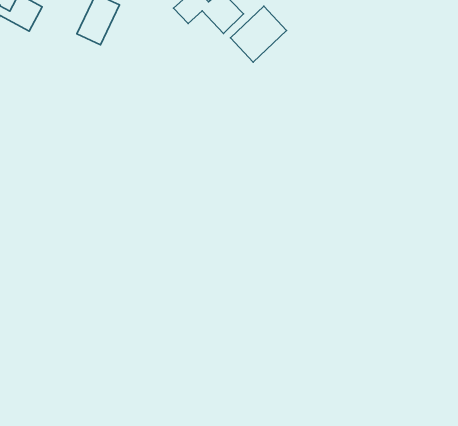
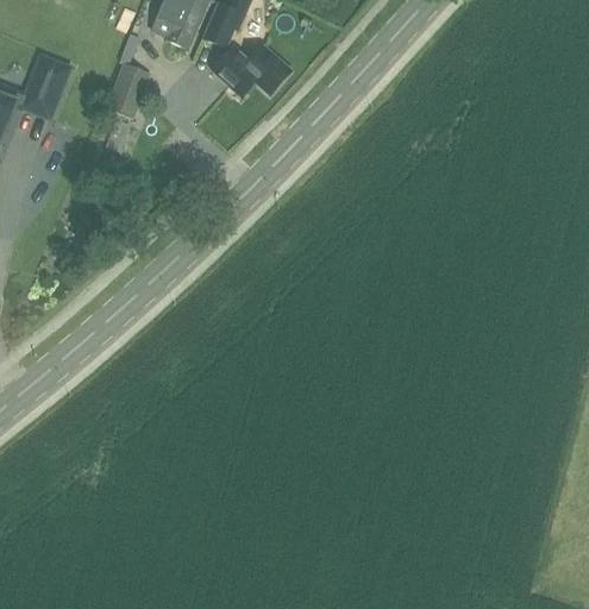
building: [231,6,286,62] -> none

